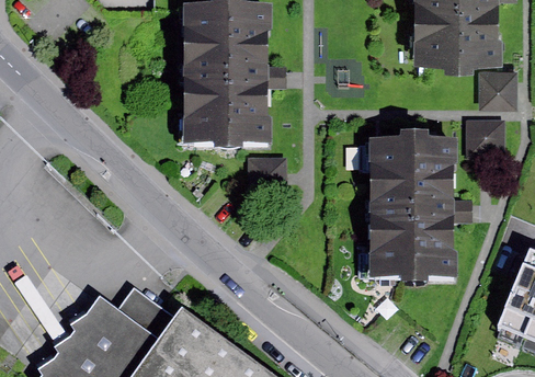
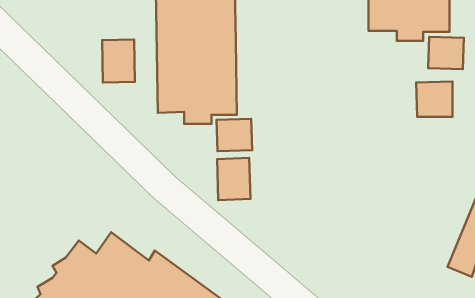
building: none -> [102,40,135,82]
building: [368,127,471,279] -> none
building: none -> [217,158,250,200]

